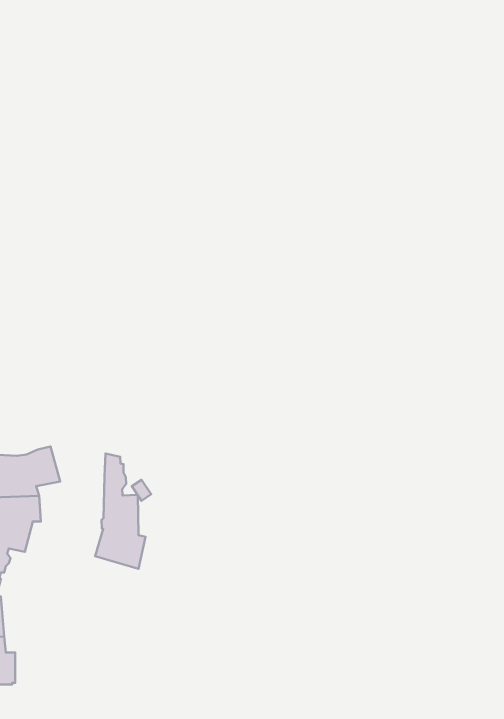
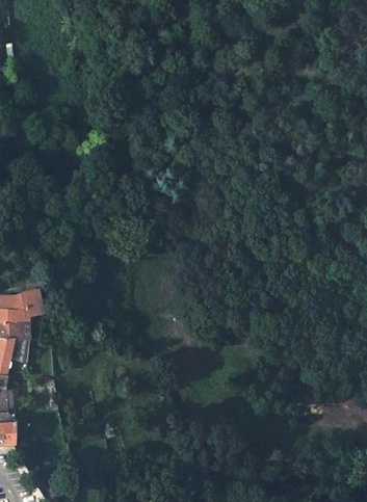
building: [95,453,146,569] -> none

